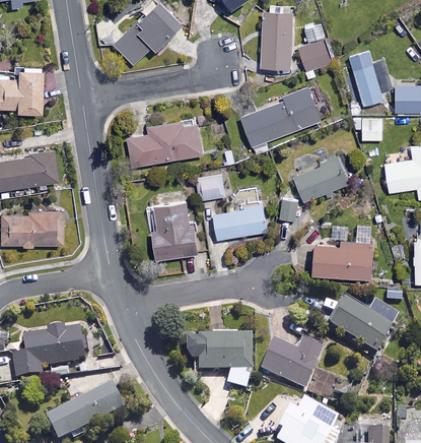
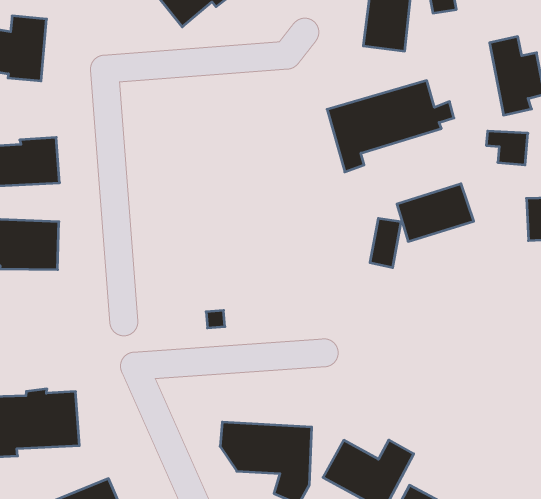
building: [299,39,332,69] -> none
building: [128,116,204,165] -> none
building: [197,173,226,199] -> none
building: [149,198,198,257] -> none
building: [214,200,268,237] -> none
building: [312,238,372,275] -> none
building: [329,295,398,352] -> none

